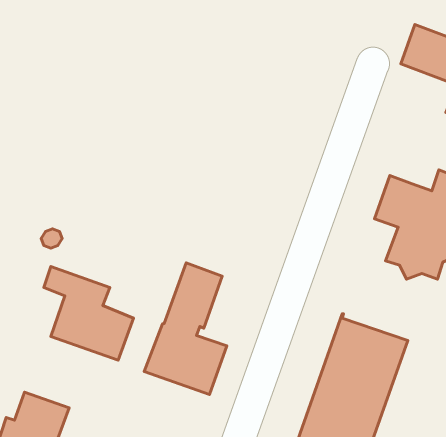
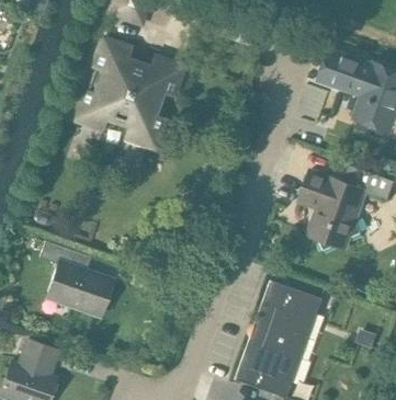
building: none -> [72,39,184,149]
building: [144,263,227,394] -> none

